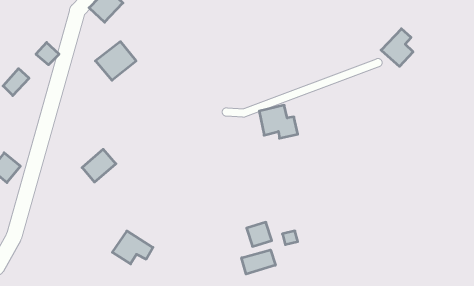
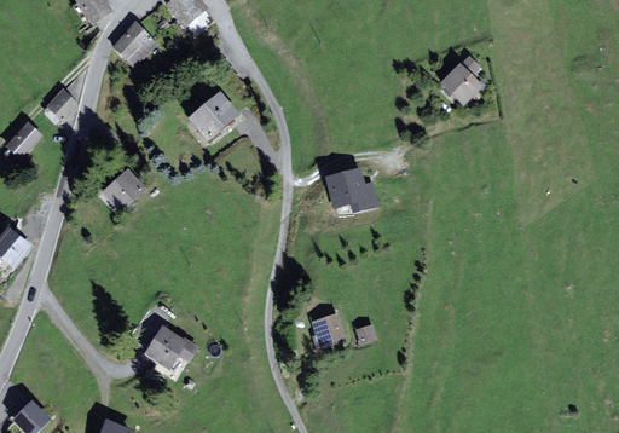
building: [381,29,413,66] -> [441,56,481,103]
building: [95,42,136,80] -> [189,92,239,140]
building: [82,149,116,182] -> [102,171,144,212]
building: [242,250,275,274] -> none

